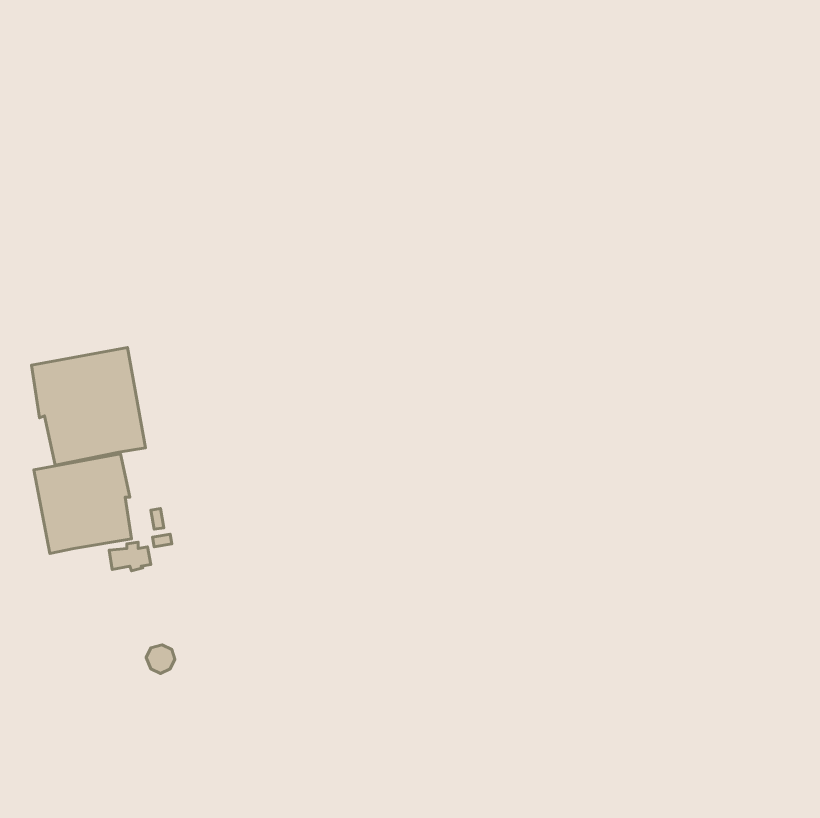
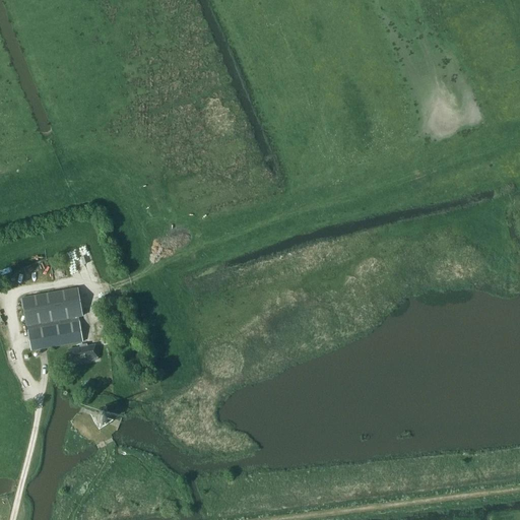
building: [31,347,146,465] -> none

